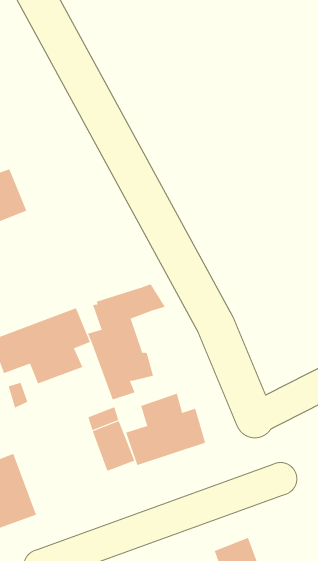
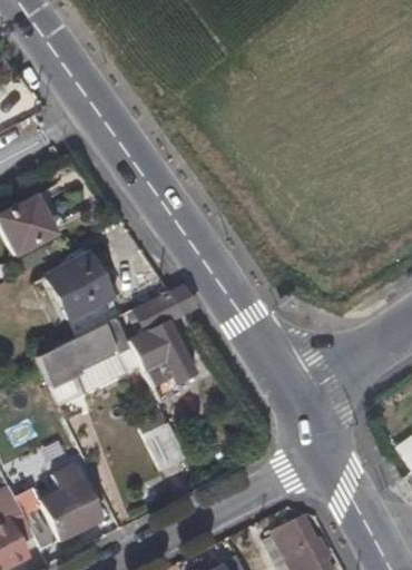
building: none -> [47,250,121,322]
building: [126,393,206,466] -> none

